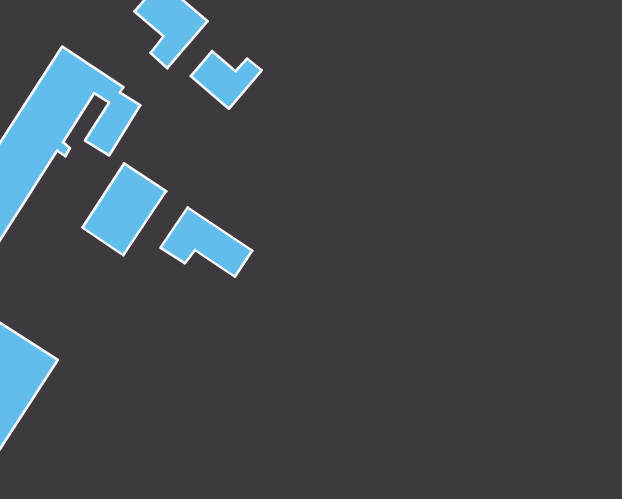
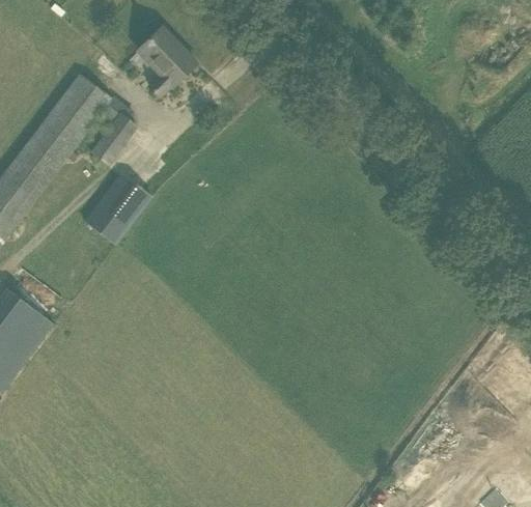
building: [191,51,262,109] -> none
building: [161,207,252,277] -> none

